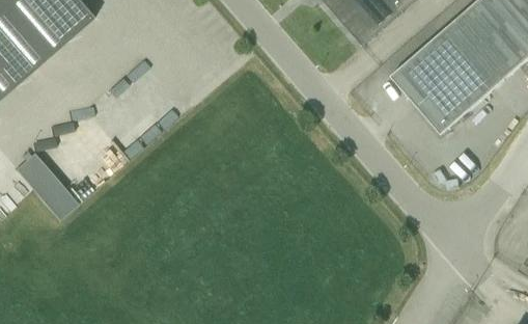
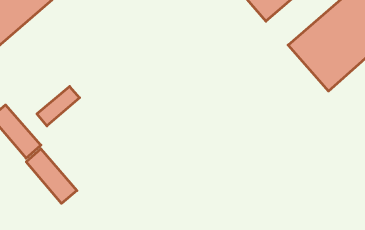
building: none -> [37,86,80,126]
building: none -> [26,149,77,203]

